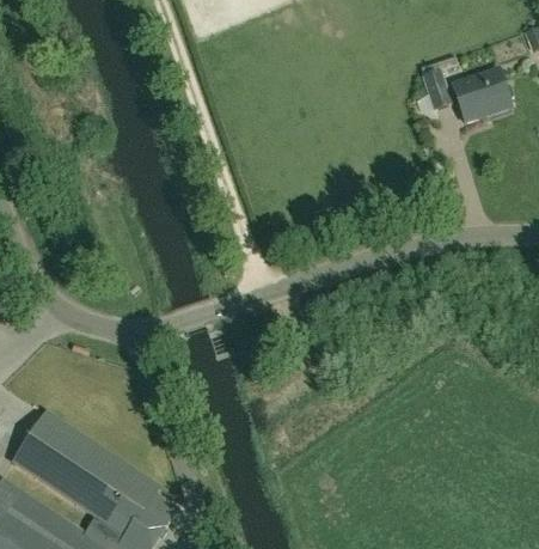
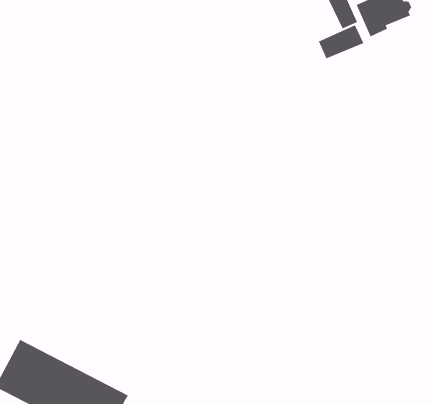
building: none -> [318,24,364,59]

